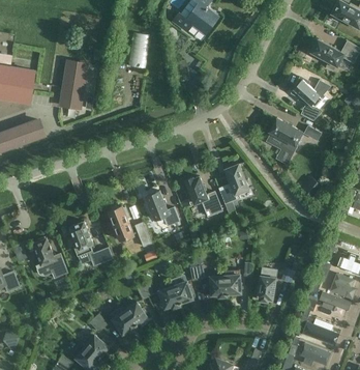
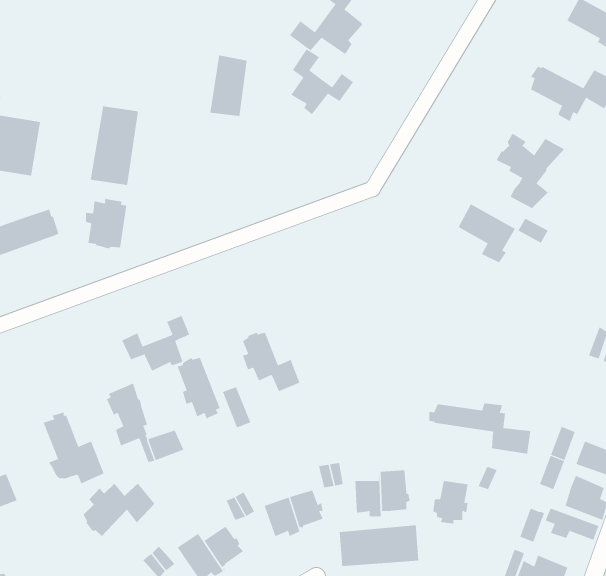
building: none -> [290,49,354,115]
building: none -> [85,198,127,249]
building: [219,165,249,204] -> none
building: [186,177,222,217] -> none
building: none -> [121,315,190,372]
building: none -> [429,402,531,455]
building: none -> [83,483,155,537]
building: none -> [339,524,419,567]

